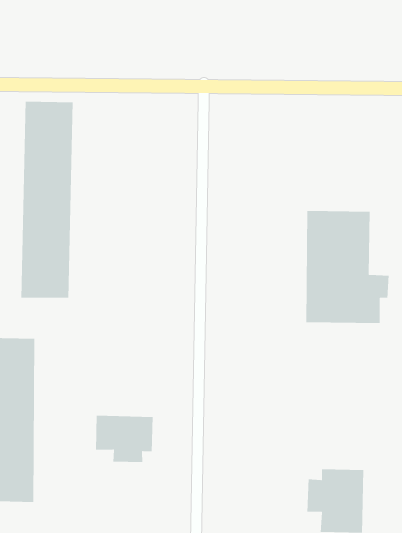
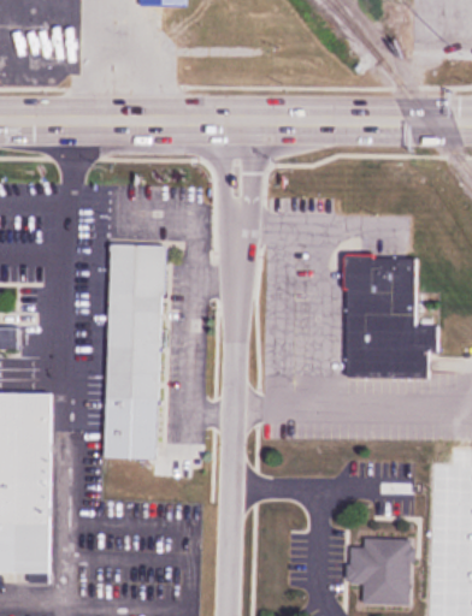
building: [21,101,74,298] -> [105,243,163,458]
building: [95,415,153,463] -> none

